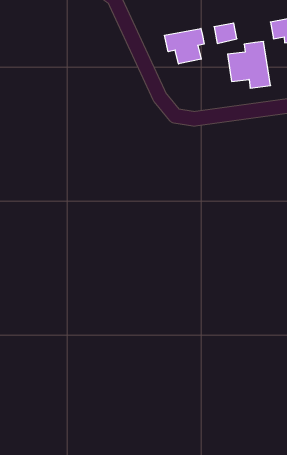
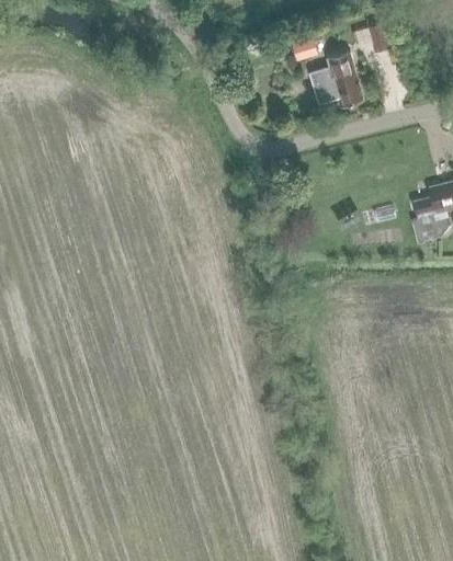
building: [165,28,204,64] -> none

